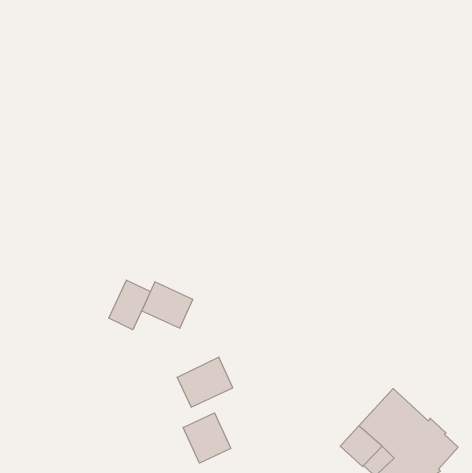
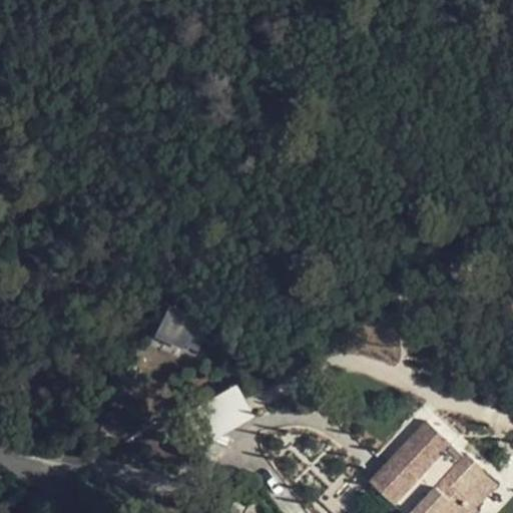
building: [109,280,151,330] -> none
building: [183,413,231,463] -> none

